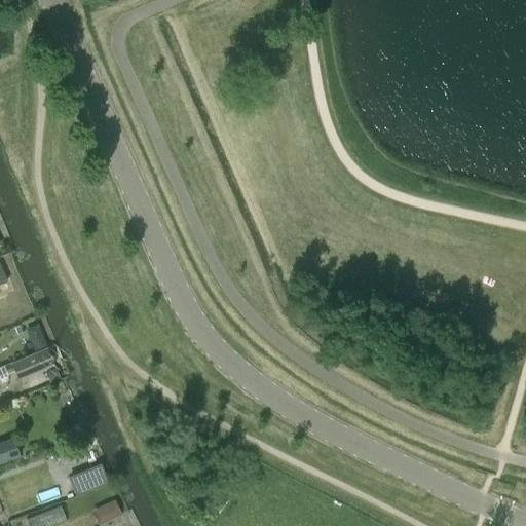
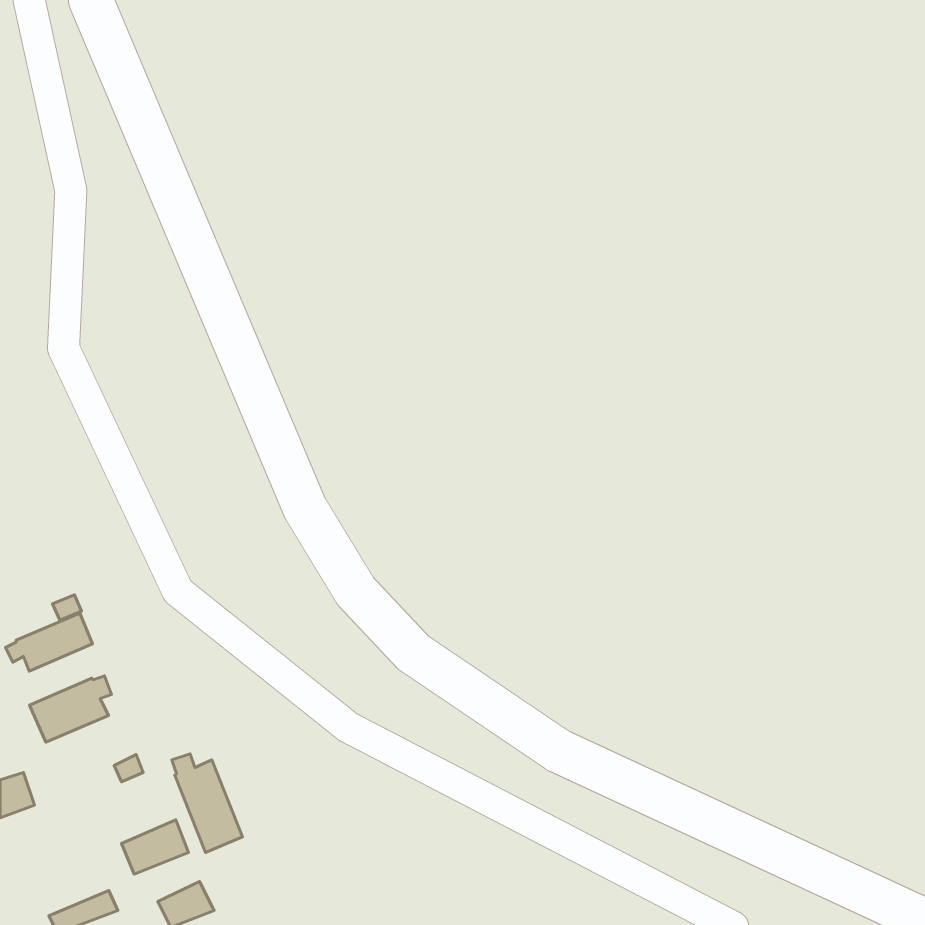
building: none -> [29,676,112,742]
building: none -> [172,754,243,852]

